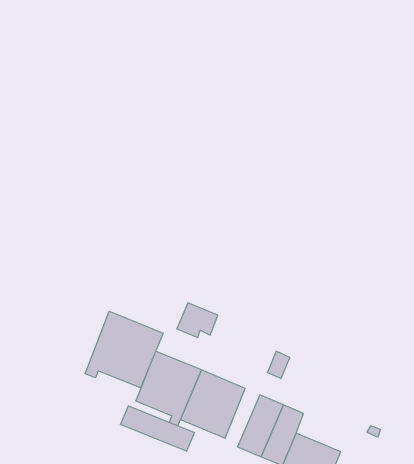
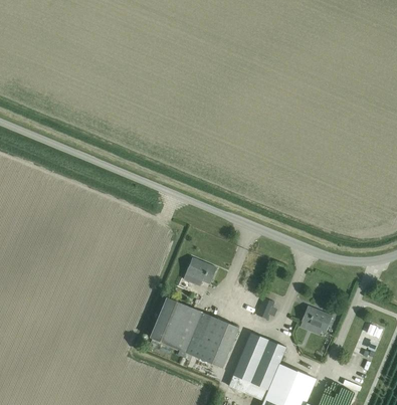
building: [85,311,163,388] -> none
building: none -> [301,306,332,333]
building: [121,406,194,451] -> none

